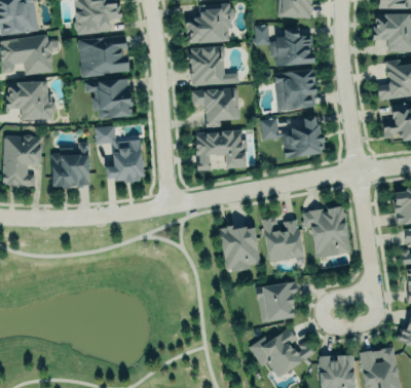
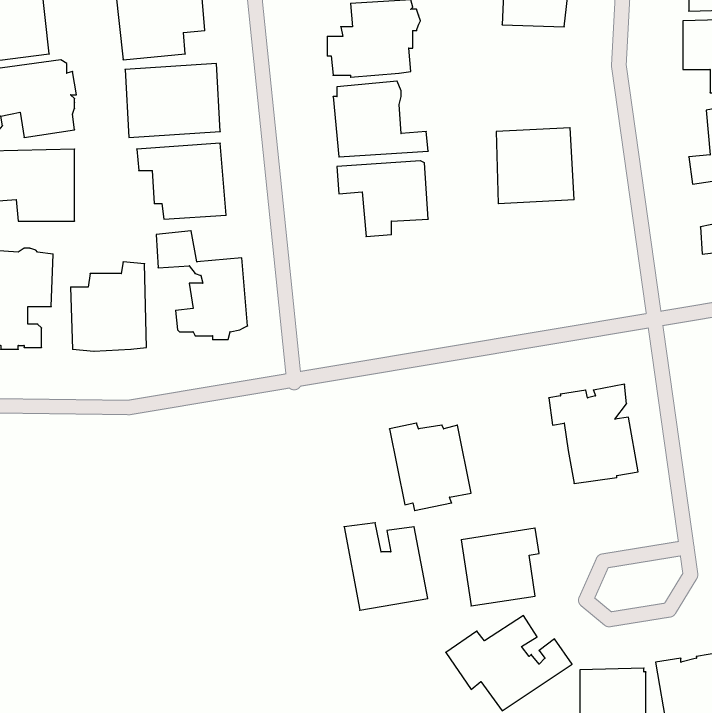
building: [255,25,314,67] -> none
building: [261,117,324,159] -> none
building: [195,130,249,171] -> none
building: [261,218,305,264] -> [344,523,428,610]

